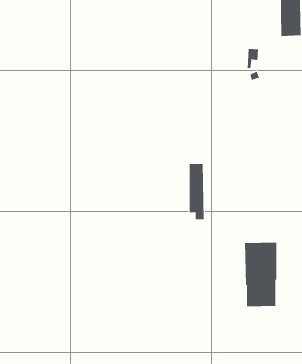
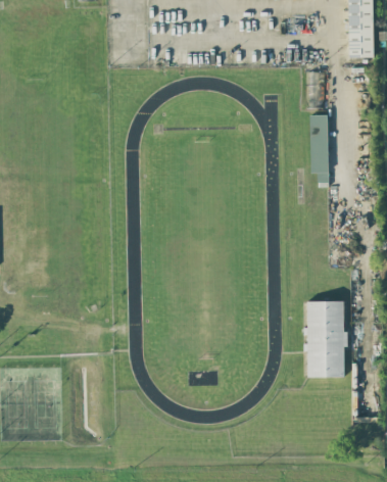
building: [189,164,204,220] -> [307,115,326,182]

